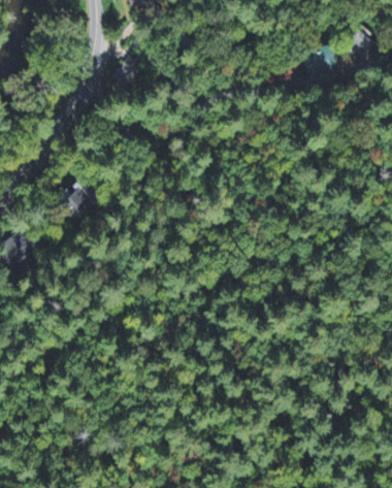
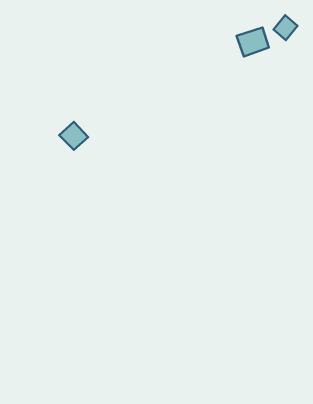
building: [62,186,95,218] -> [59,122,88,150]

